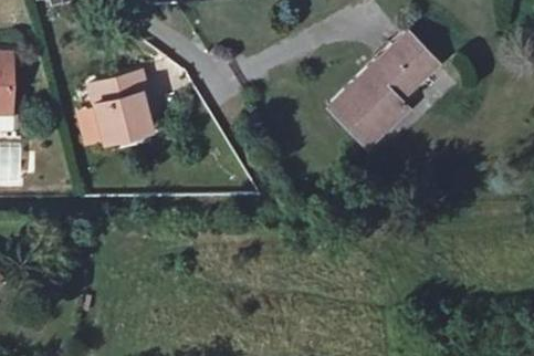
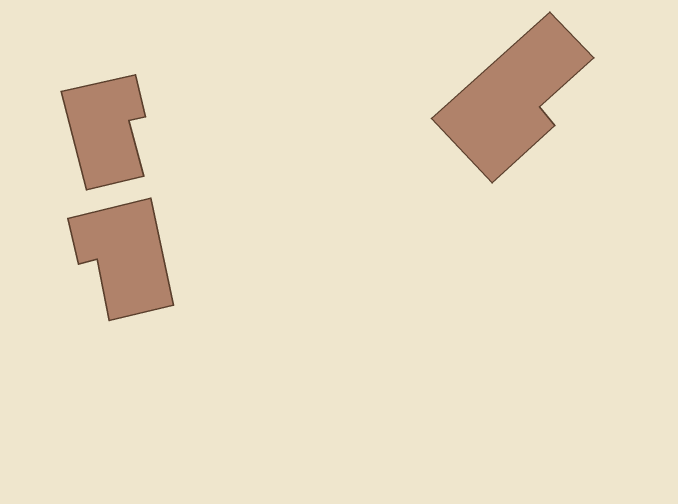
building: none -> [68,198,173,320]

